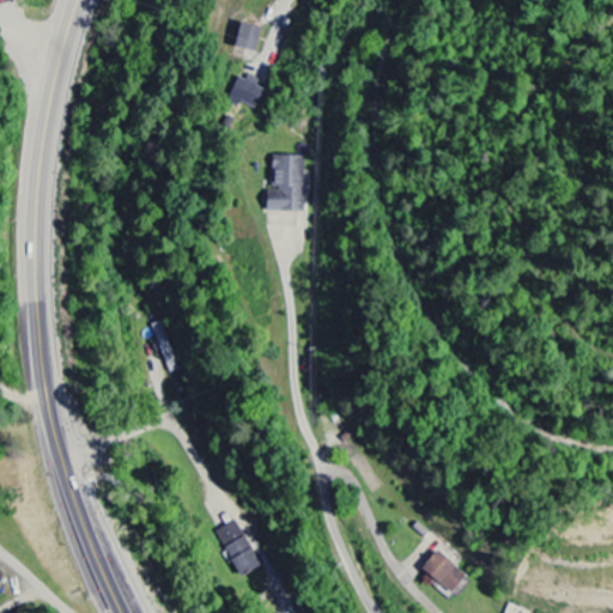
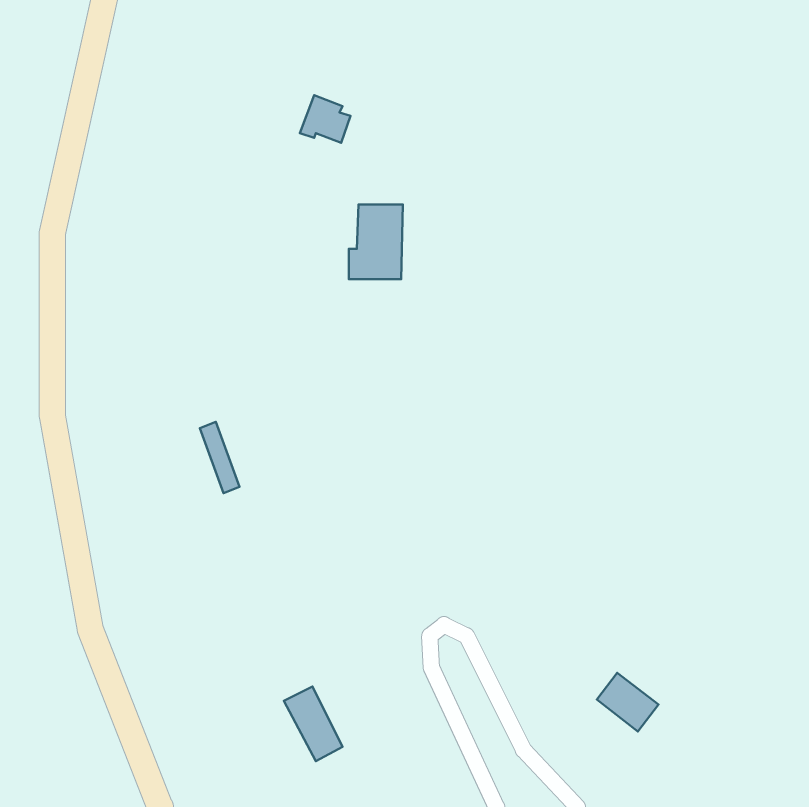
building: [235,22,262,51] -> none
building: [420,550,467,594] -> [597,673,659,731]

